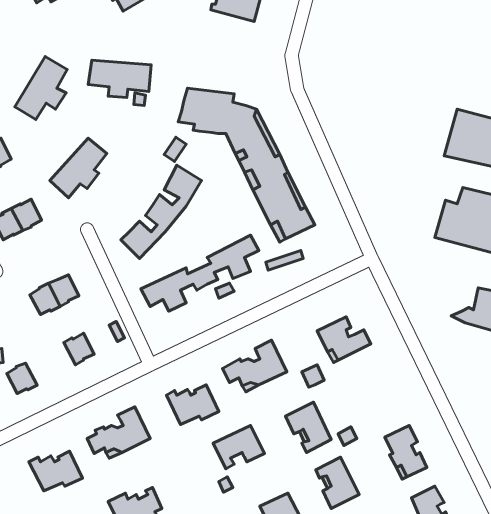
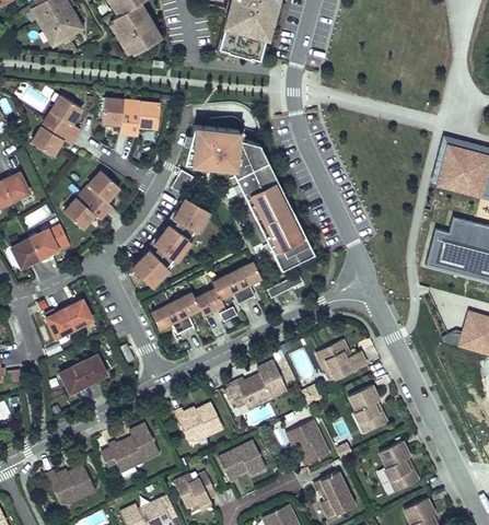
building: [7,363,37,393] -> [61,363,90,392]
building: none -> [349,384,387,431]
building: none -> [174,471,217,510]

